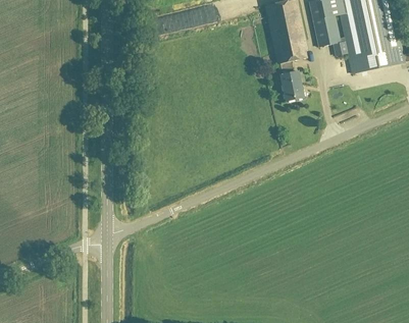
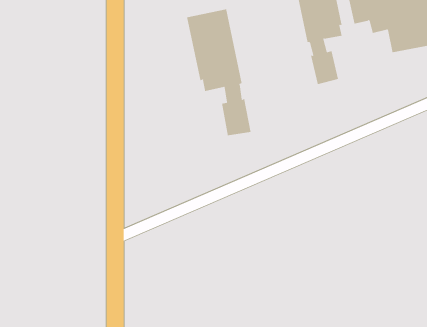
building: none -> [186,9,251,136]

